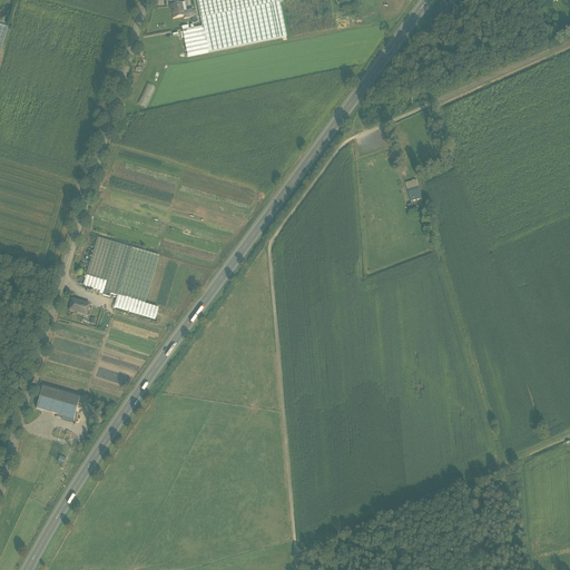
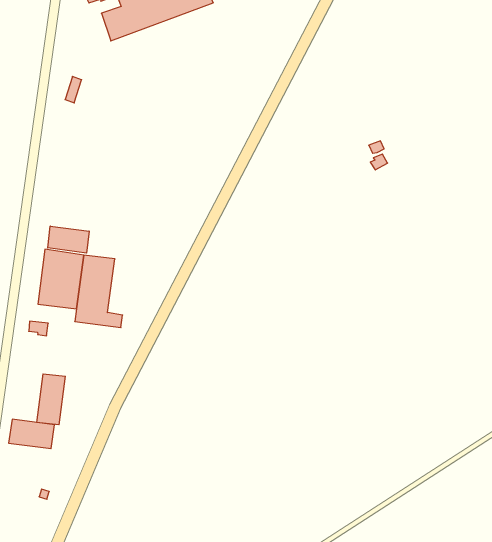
building: none -> [48,226,89,253]
building: none -> [37,374,65,425]

